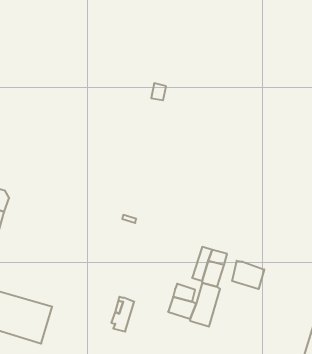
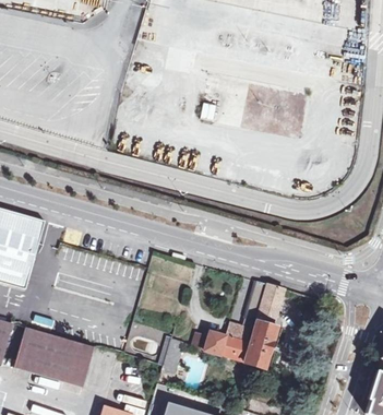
building: [232,261,264,289] -> none
building: none -> [193,331,226,355]

